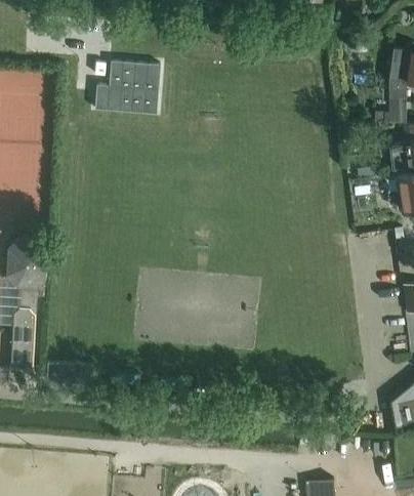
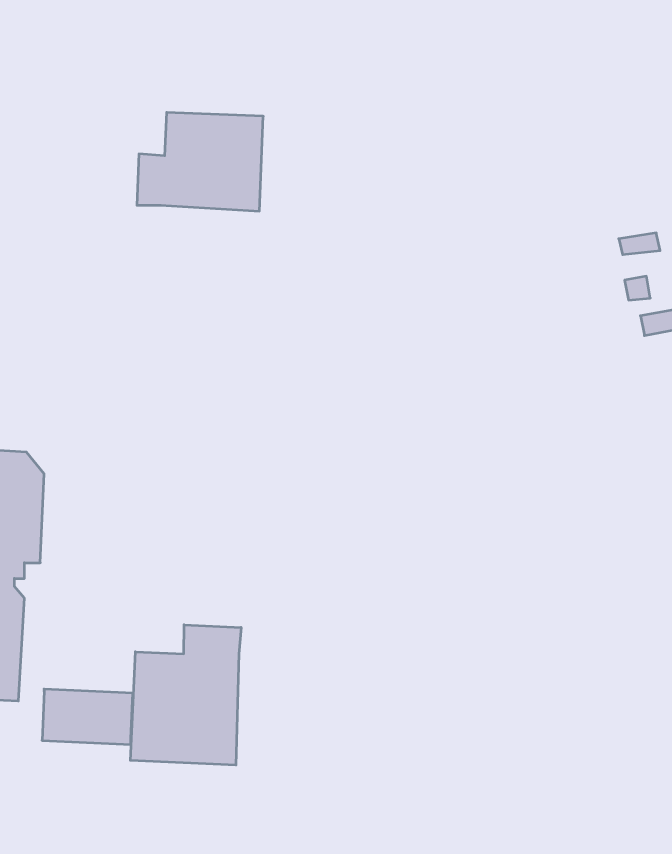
building: none -> [130,625,241,765]

